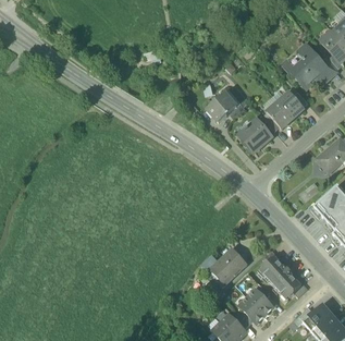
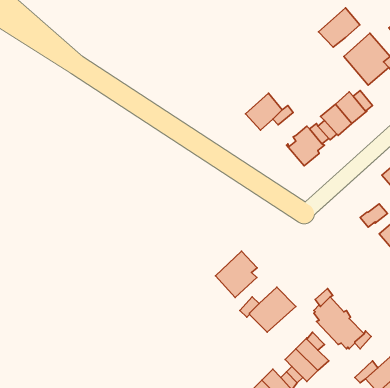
building: none -> [318,8,360,47]
building: none -> [215,251,257,297]

